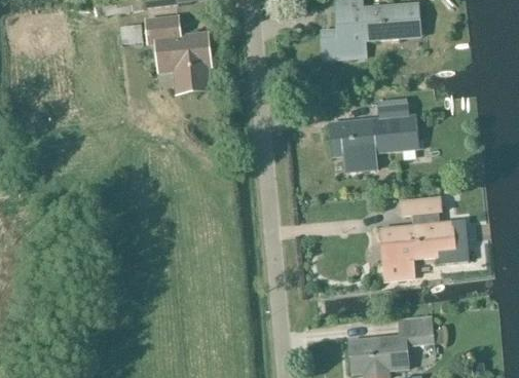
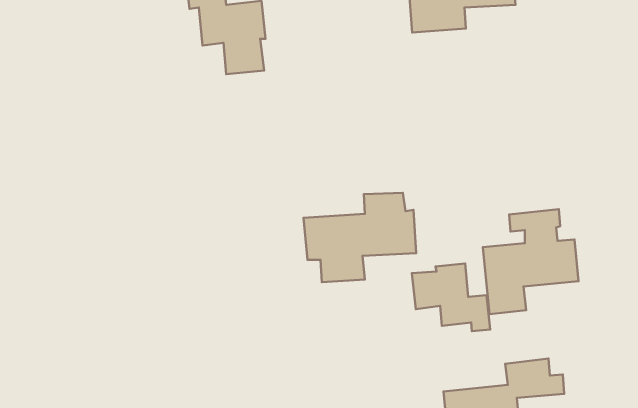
building: [330,103,418,173] -> [303,193,416,282]
building: none -> [412,263,490,331]

